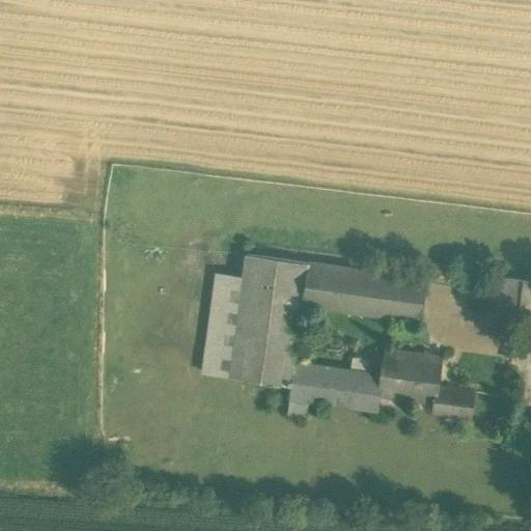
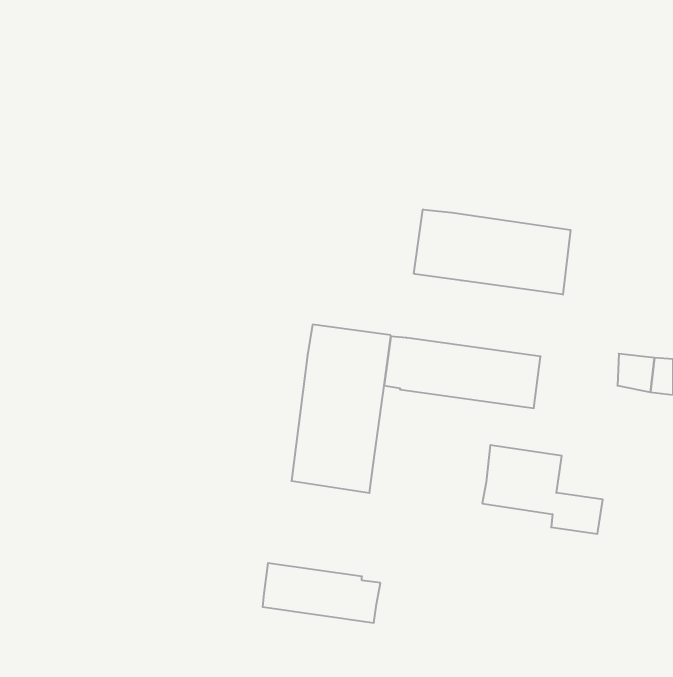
building: none -> [414,209,571,295]
building: [202,275,241,376] -> none
building: [288,362,381,409] -> [263,563,380,623]

